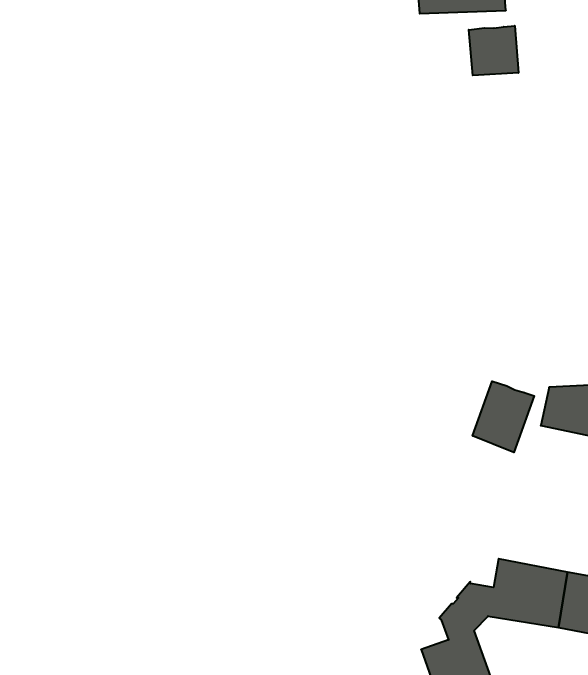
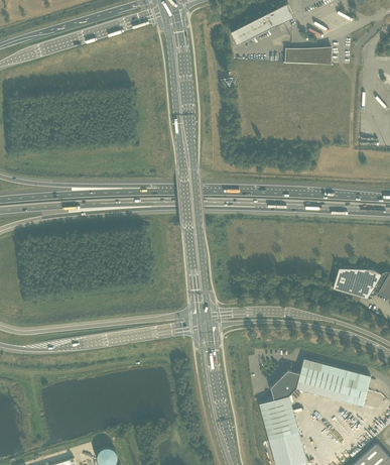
building: [469,26,518,75] -> none
building: [473,381,534,452] -> none

